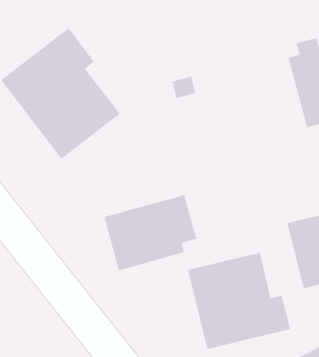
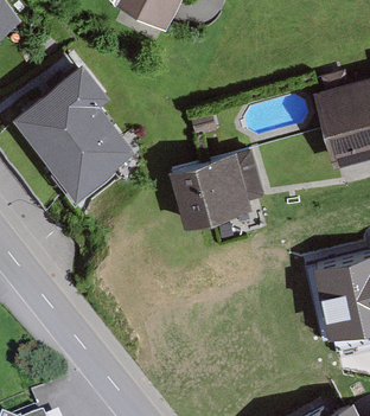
building: [104,194,197,272] -> [165,148,263,230]
building: [187,252,291,350] -> none

